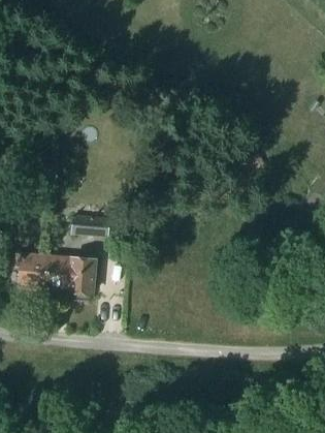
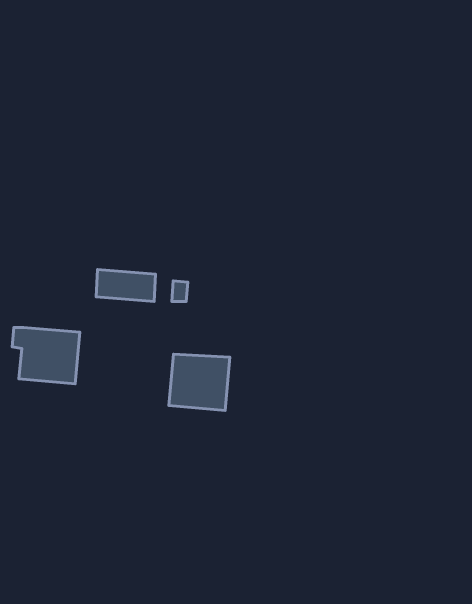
building: [58,256,97,292] -> [169,354,230,410]

